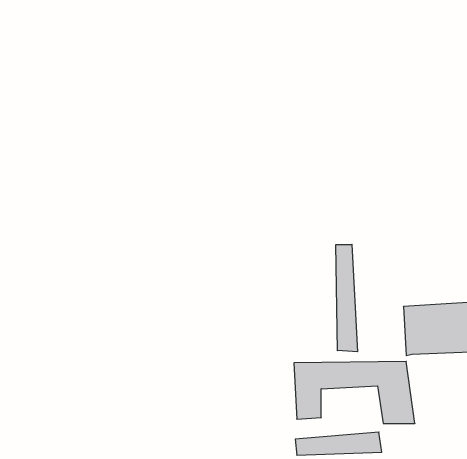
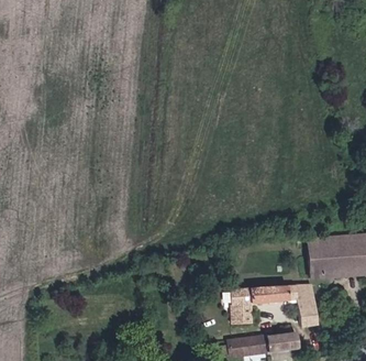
building: [336,244,358,352] -> none

